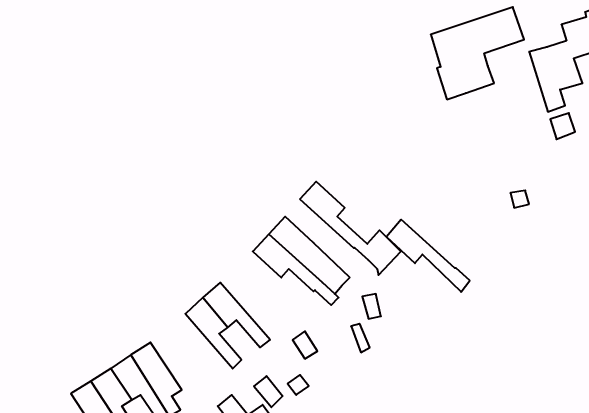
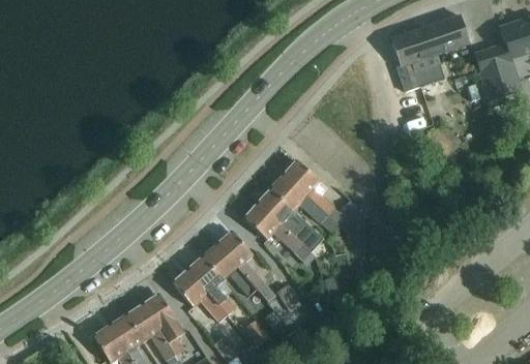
building: [386,220,470,292] -> [270,174,340,234]
building: none -> [216,230,275,302]
building: none -> [172,269,227,321]

